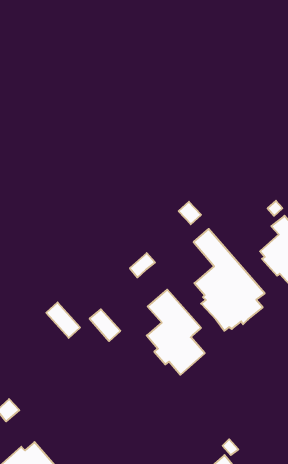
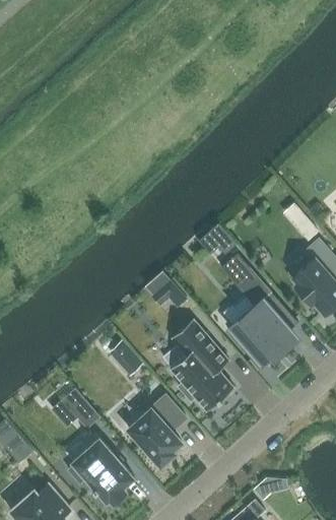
building: [46,302,80,338] -> [63,390,99,429]
building: none -> [129,395,186,466]
building: none -> [68,439,134,504]

